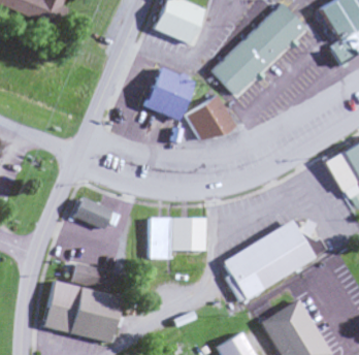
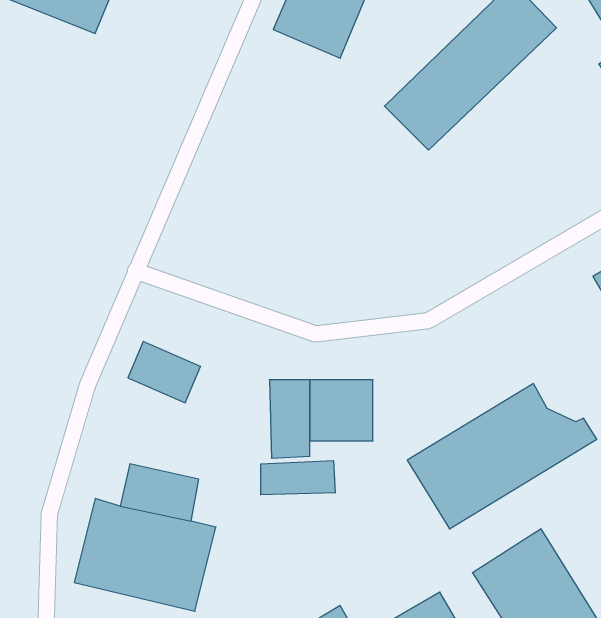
building: [144,67,194,120] -> none
building: [186,95,237,147] -> none
building: none -> [261,461,335,495]

